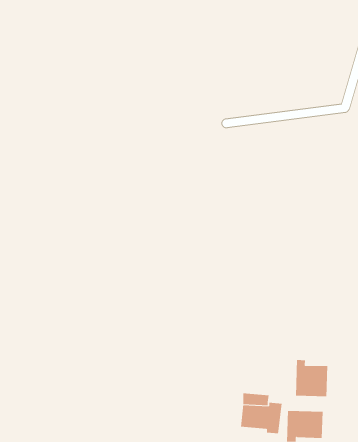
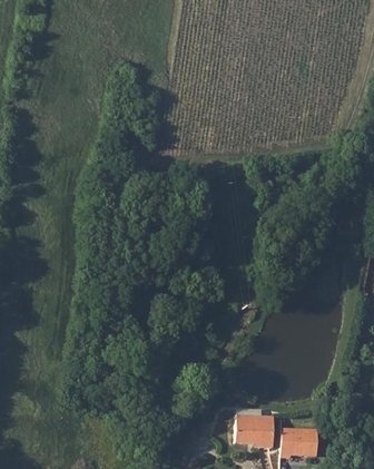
building: [295,359,328,397] -> none

